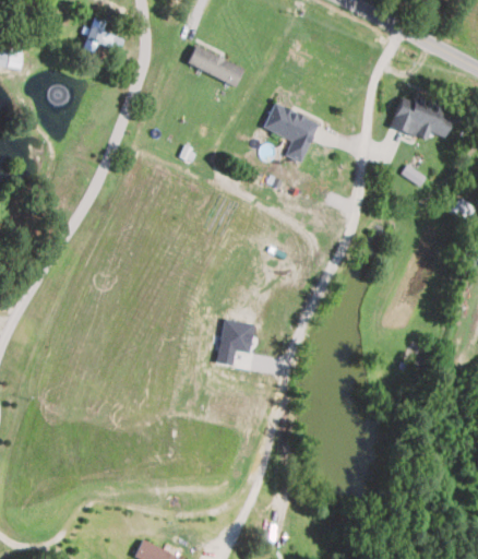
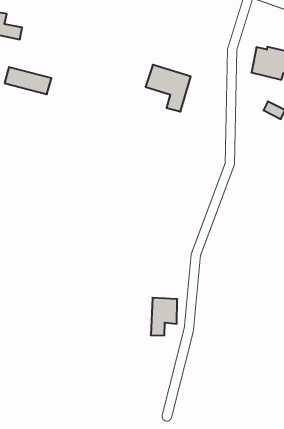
building: [188,47,244,85] -> [5,67,51,94]
building: [217,319,254,366] -> [151,298,177,335]

